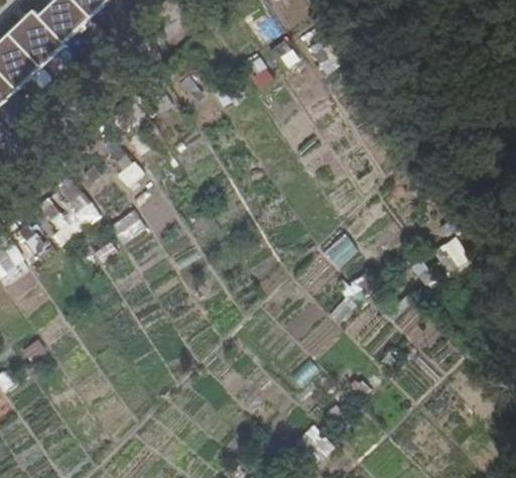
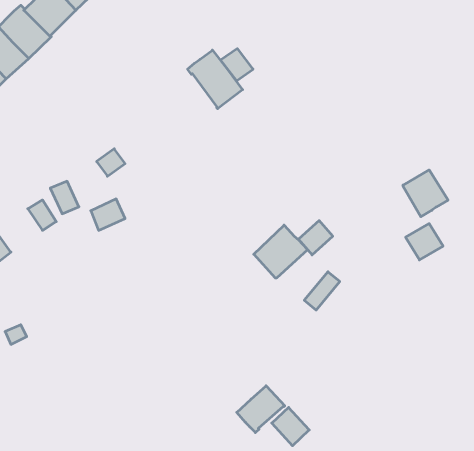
building: none -> [188,50,243,109]
building: none -> [403,170,448,217]
building: none -> [254,225,308,278]
building: none -> [237,386,285,433]

